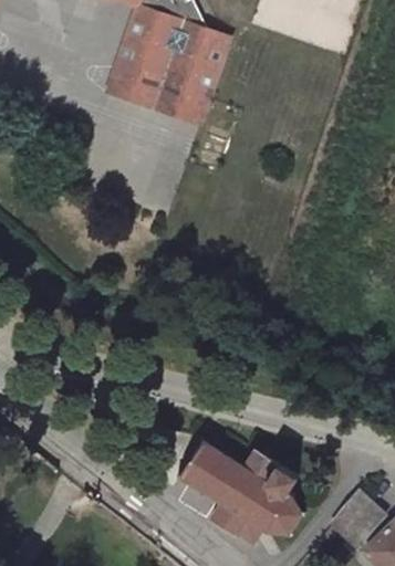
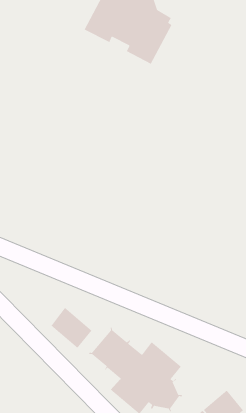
building: [106,66,206,123] -> none
building: none -> [50,307,92,349]

